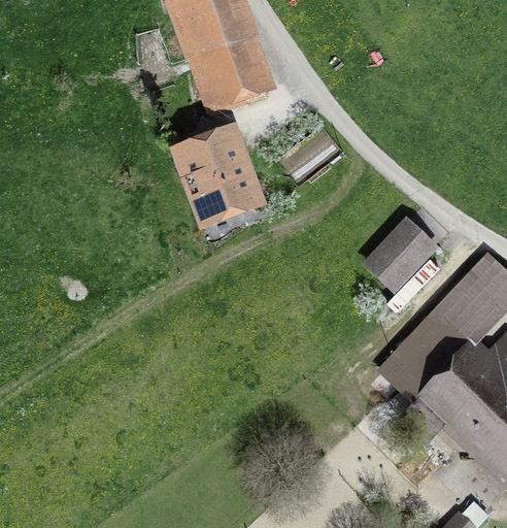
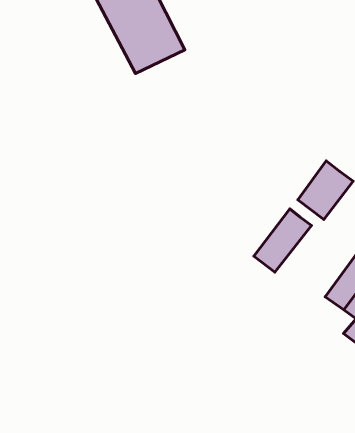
building: [181,134,258,218] -> none
building: none -> [254,209,312,272]

